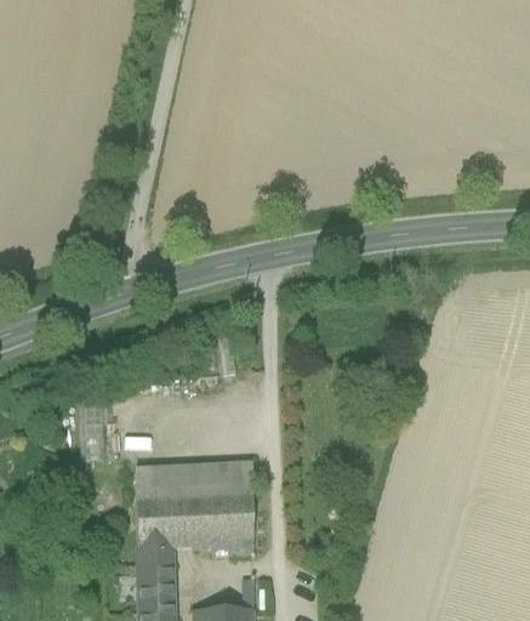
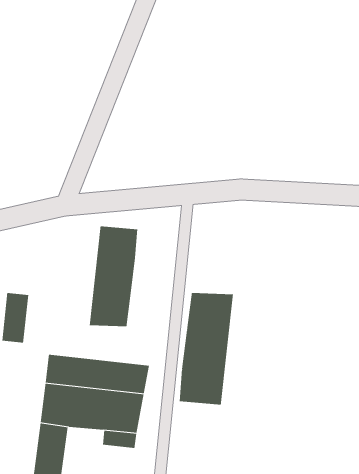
building: none -> [89,225,138,327]
building: none -> [179,292,233,406]

